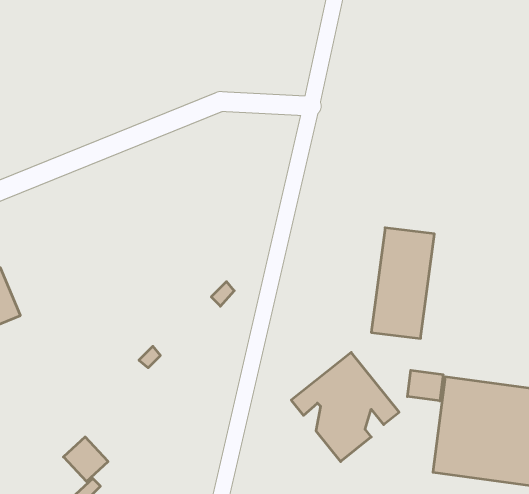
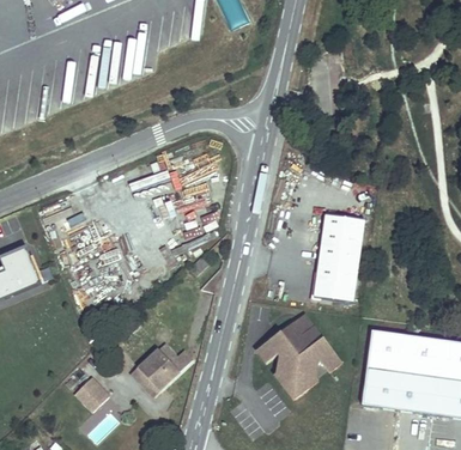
building: [407,370,443,401] -> none
building: none -> [133,341,194,395]

